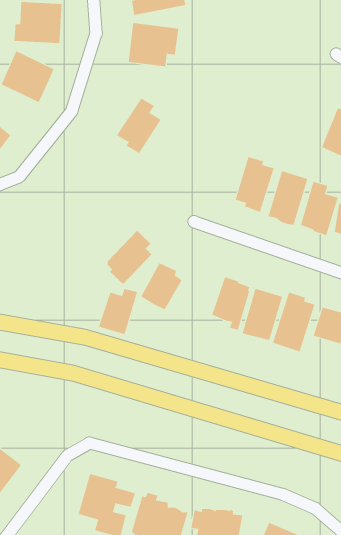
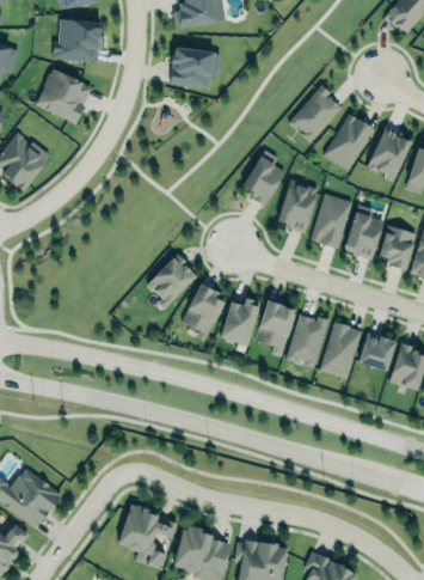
building: none -> [288,87,342,142]
building: none -> [324,114,374,170]
building: [116,98,162,154] -> [240,149,287,207]
building: [98,288,138,335] -> [219,298,259,346]

